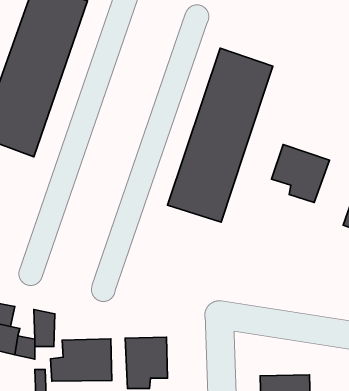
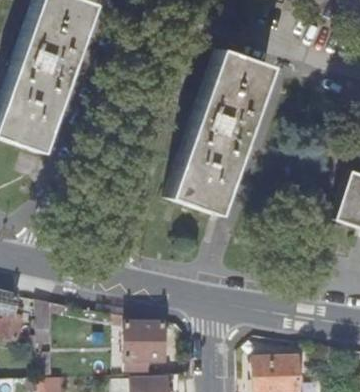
building: [272,145,329,202] -> none
building: [51,339,112,381] -> none

